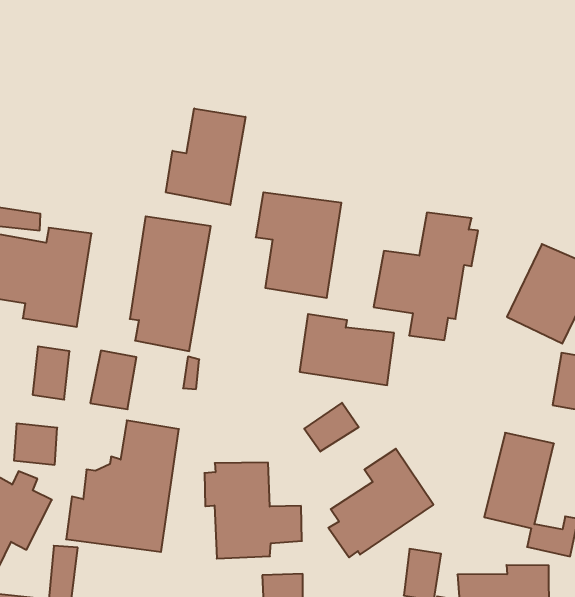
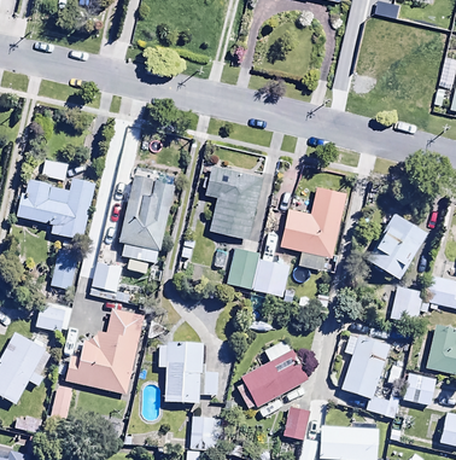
building: [166,108,245,205] -> none
building: [304,403,359,452] -> none

